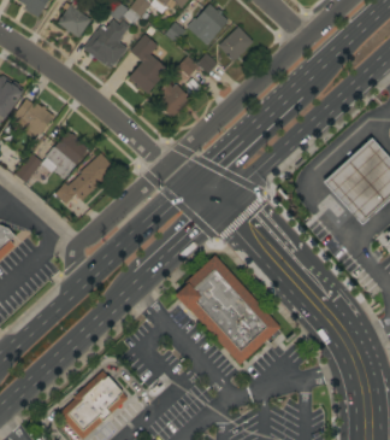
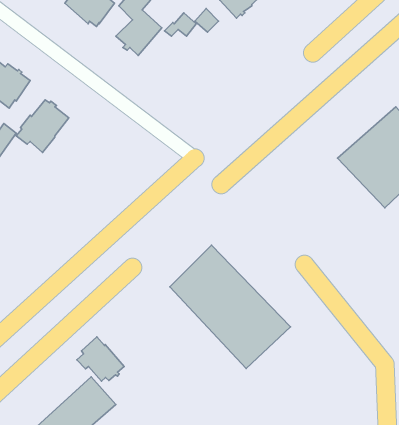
building: [156,82,190,117] -> none
building: [55,152,116,203] -> none
building: none -> [77,337,124,381]

